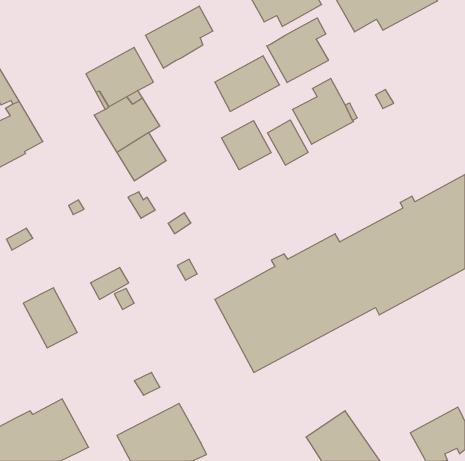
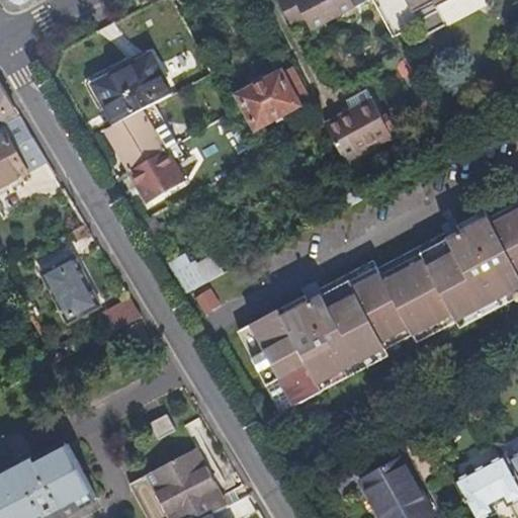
building: [145,6,213,68] -> none
building: [267,18,328,83] -> none
building: [268,120,308,165] -> none
building: [222,121,271,170] -> none
building: none -> [168,253,224,291]
building: [23,288,77,348] -> [41,254,101,321]

